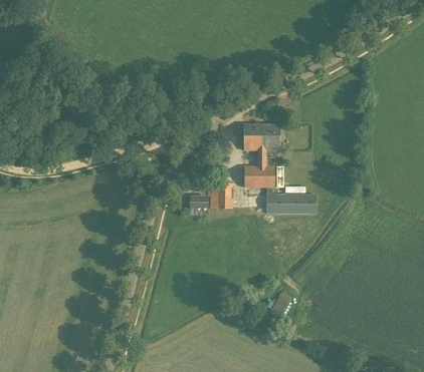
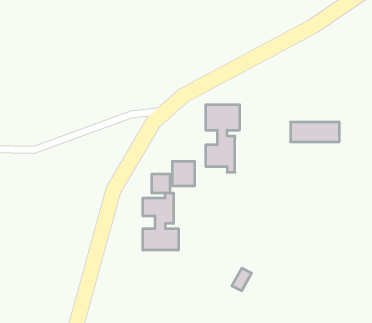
building: [266,194,316,214] -> [290,122,339,142]
building: none -> [143,193,178,250]

